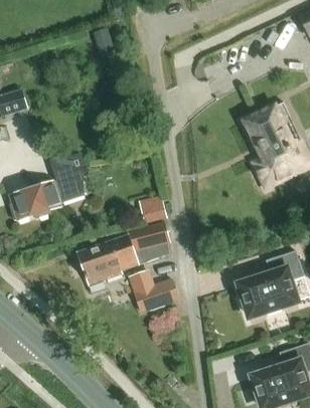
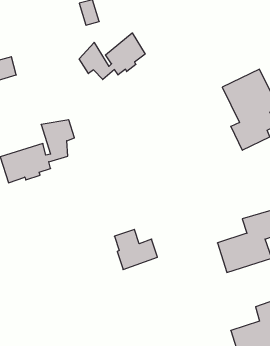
building: none -> [79,33,145,80]
building: [138,194,166,223] -> none
building: [76,226,167,292] -> none

